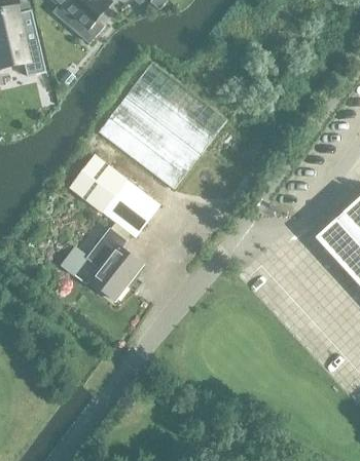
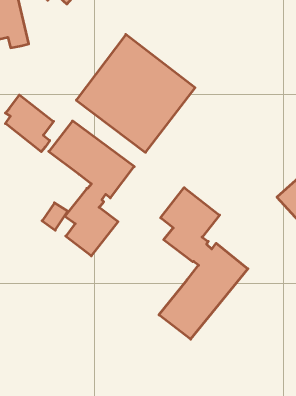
building: none -> [5,95,54,152]
building: none -> [159,188,248,339]

